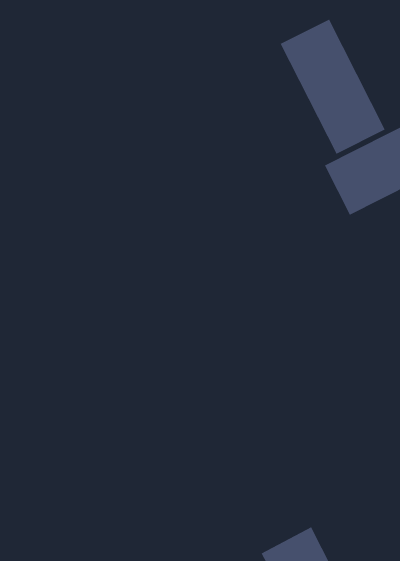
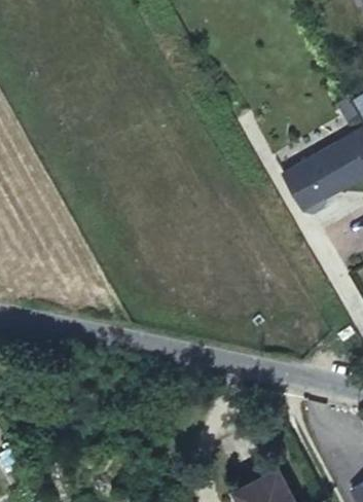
building: [280,19,386,155] -> none

